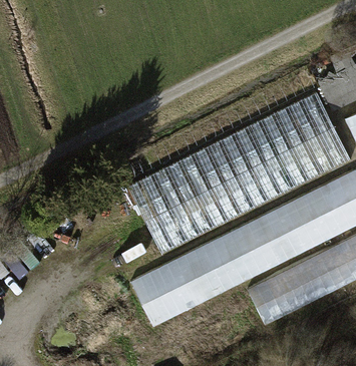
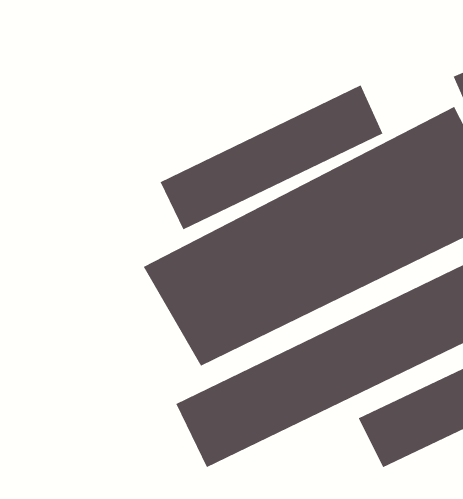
building: none -> [160,85,383,230]

